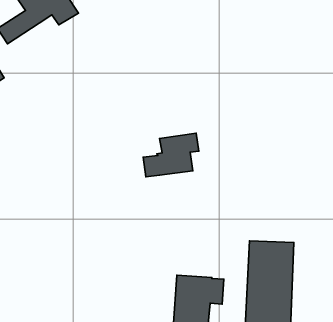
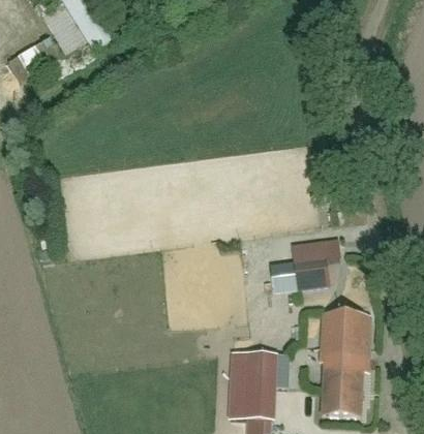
building: [143,133,199,177] -> [272,237,339,289]

